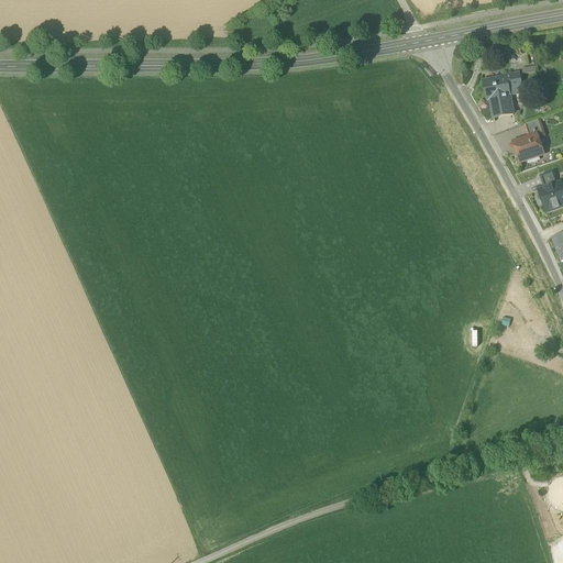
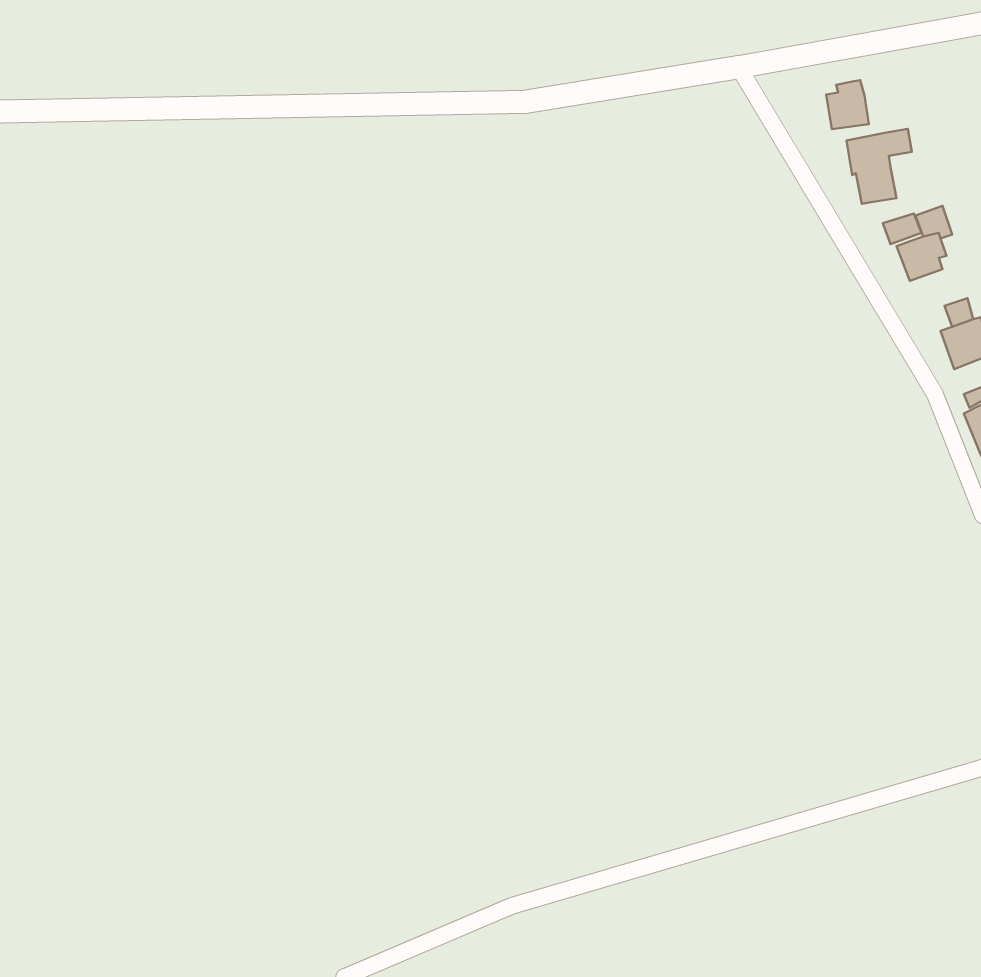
building: none -> [826,80,869,129]

